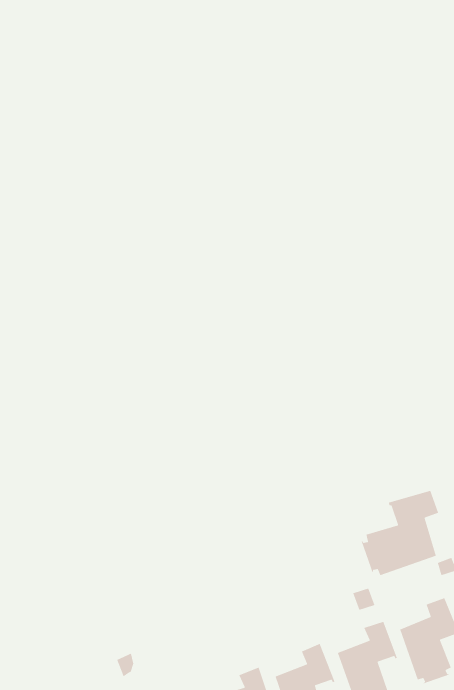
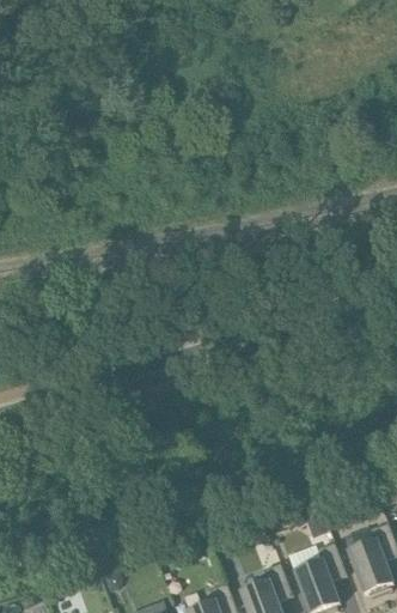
building: [361,490,439,576] -> none

